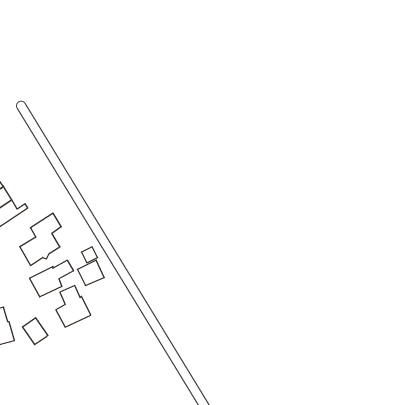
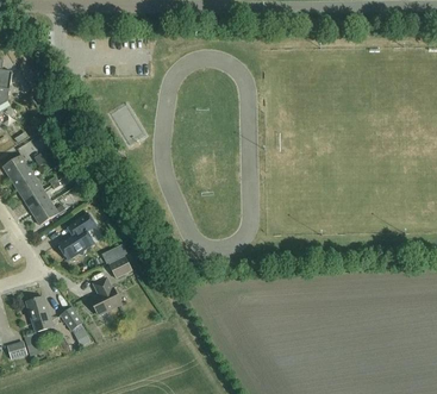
building: [30,260,73,297] -> none

